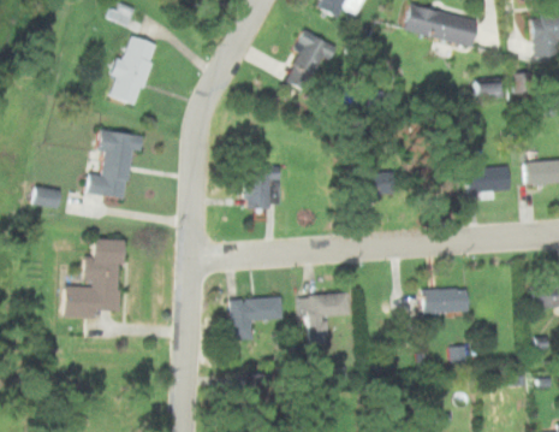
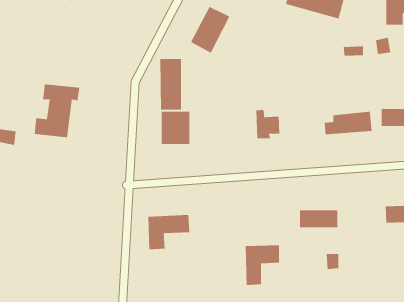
building: [108,35,160,107] -> none
building: none -> [160,58,182,111]
building: [63,239,121,315] -> none
building: [304,292,349,344] -> [245,245,280,286]

